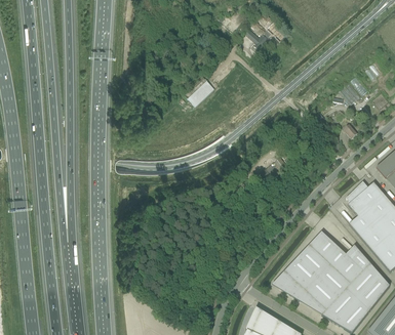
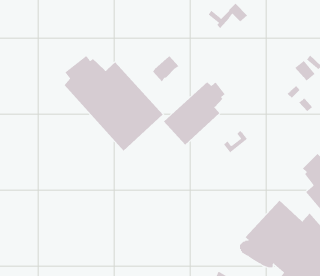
building: none -> [64,55,164,151]
building: none -> [163,82,225,146]

